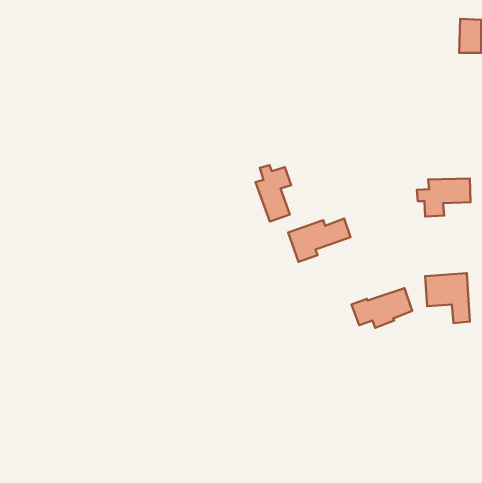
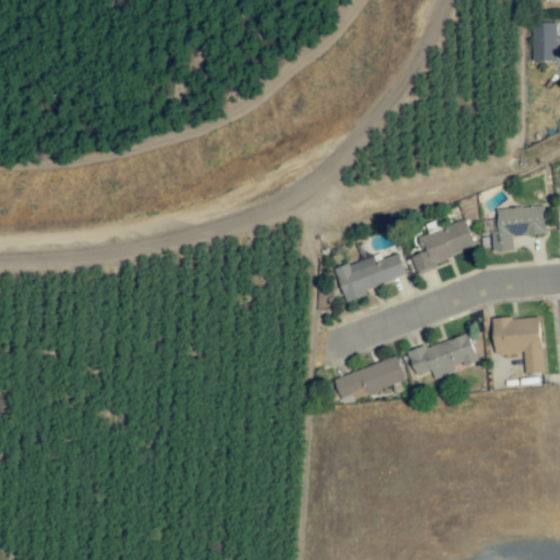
building: [255,165,291,222] -> none
building: none -> [412,220,476,275]
building: none -> [334,355,407,399]

